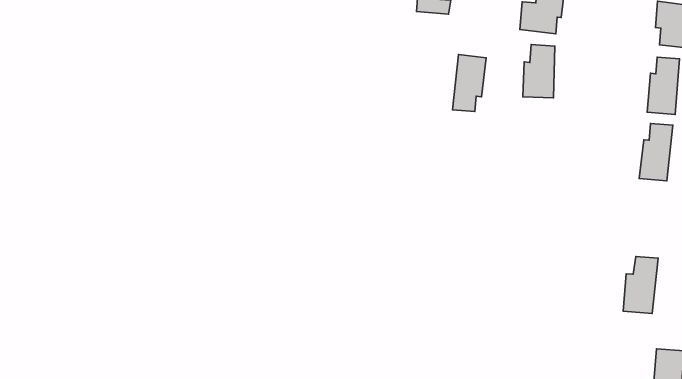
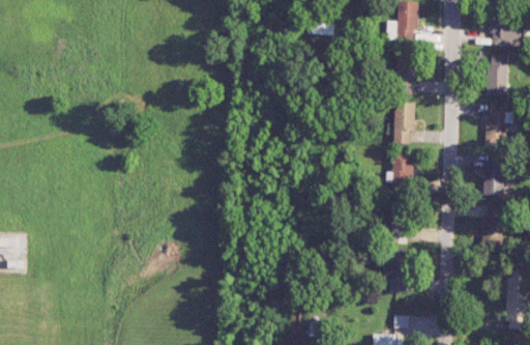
building: [453,54,486,111] -> [393,103,415,144]
building: none -> [392,154,413,195]
building: none -> [483,155,504,196]

